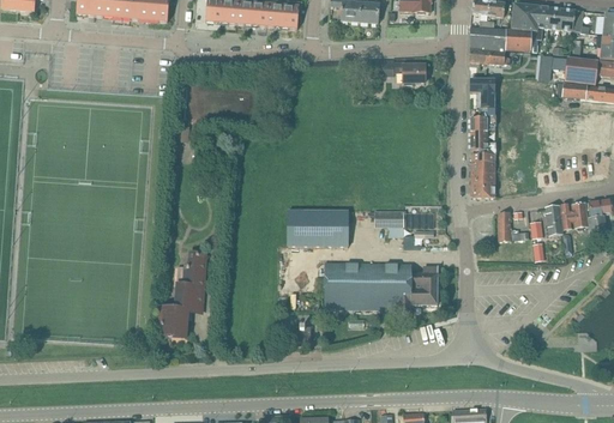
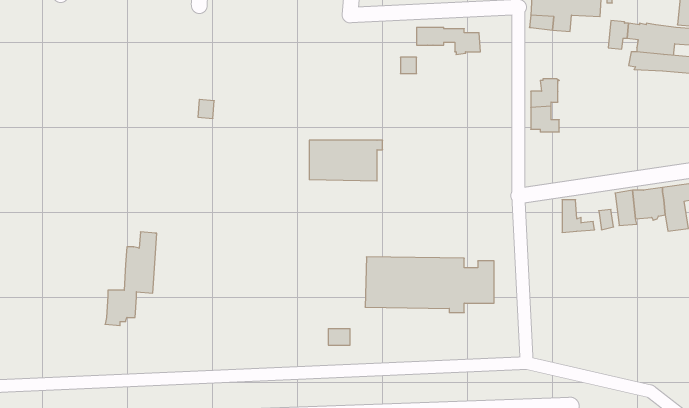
building: [469,79,494,108] -> none
building: [470,153,494,198] -> none
building: [287,211,351,247] -> [309,140,383,181]
building: [374,211,403,236] -> none
building: [158,253,204,336] -> [105,232,157,326]

